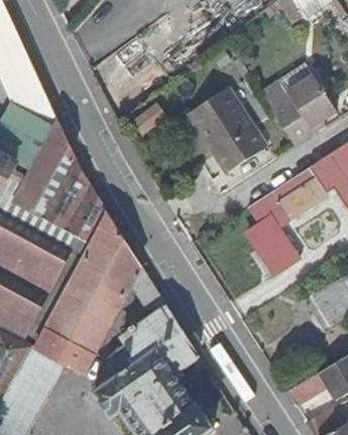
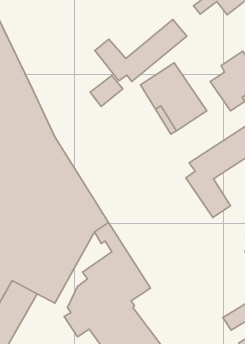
building: none -> [95,20,187,82]

